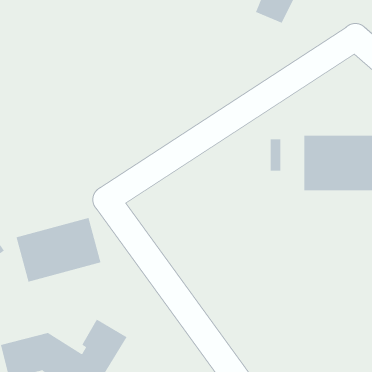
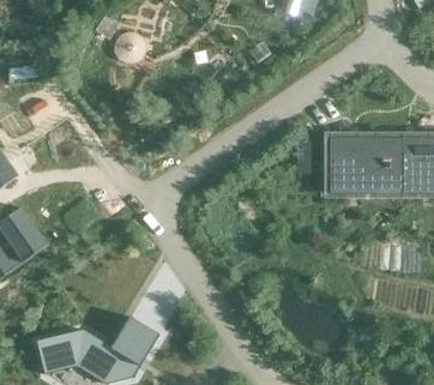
building: [16,217,101,283] -> none

